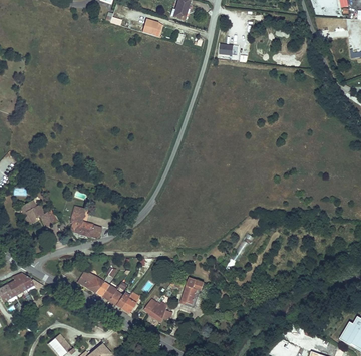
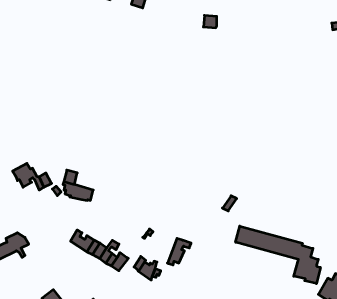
building: none -> [236,226,320,284]

